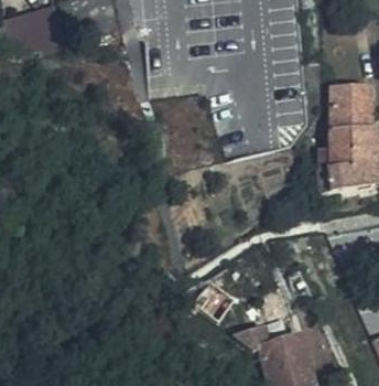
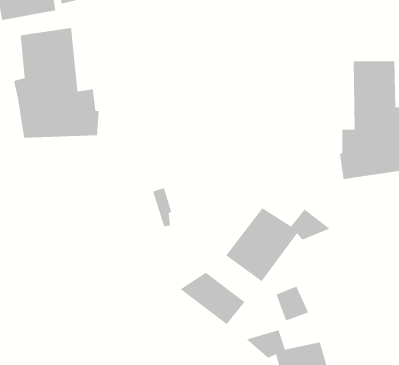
building: none -> [13,27,99,139]
building: none -> [225,207,331,282]

